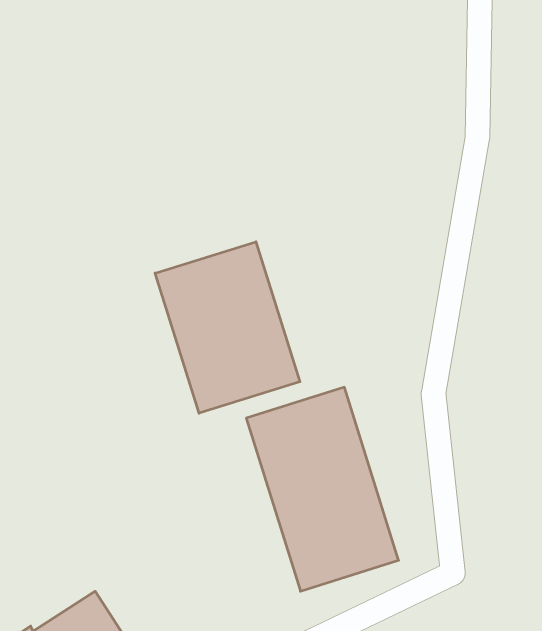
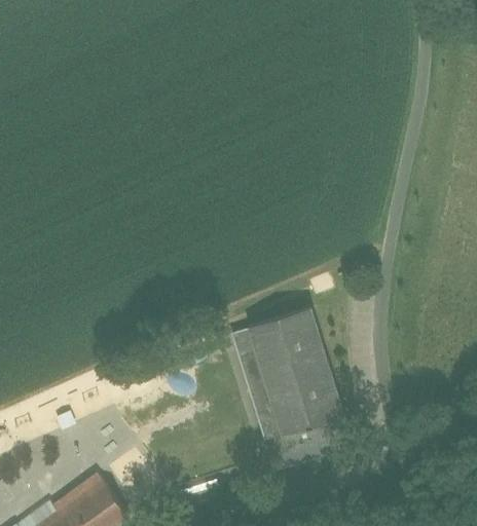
building: [155,242,300,413] -> none

